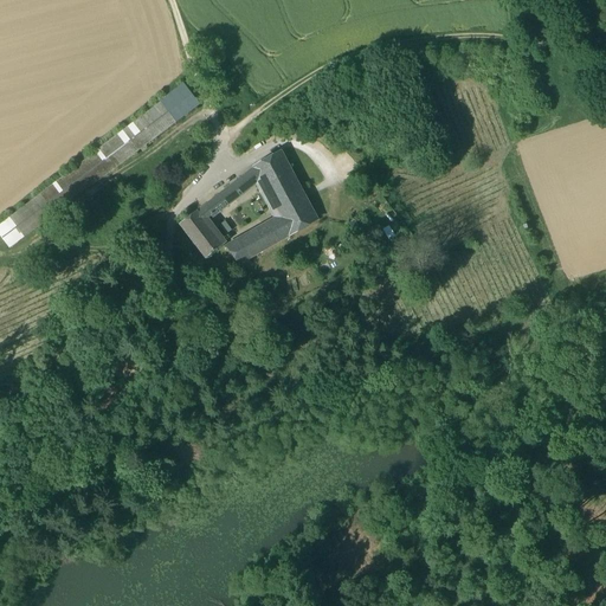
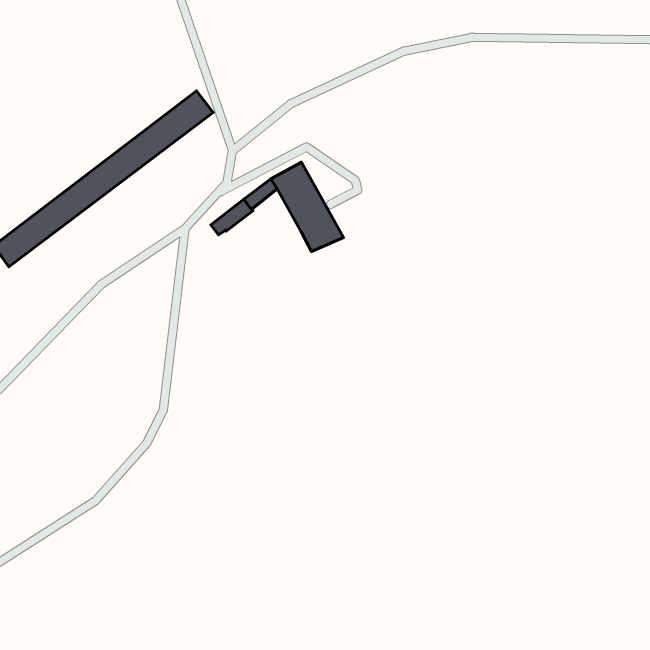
building: [178,208,220,256] -> none
building: [225,215,289,262] -> none

